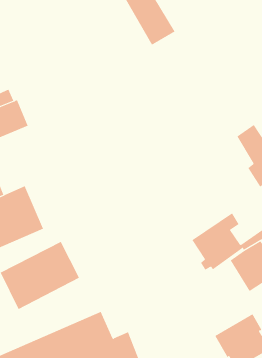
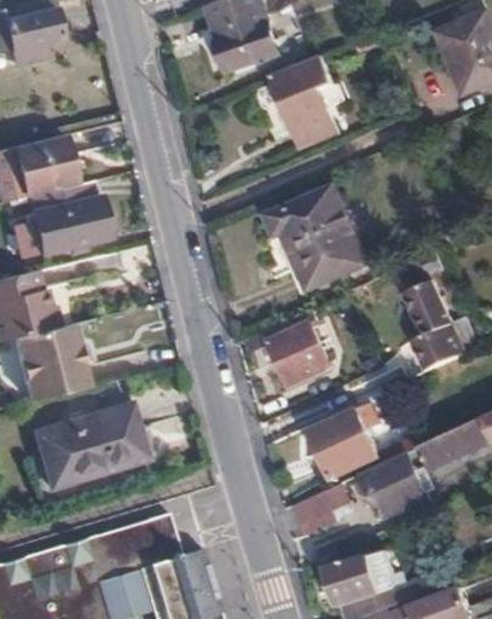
building: none -> [267,190,365,291]
building: none -> [262,313,329,387]
building: none -> [289,484,348,534]

